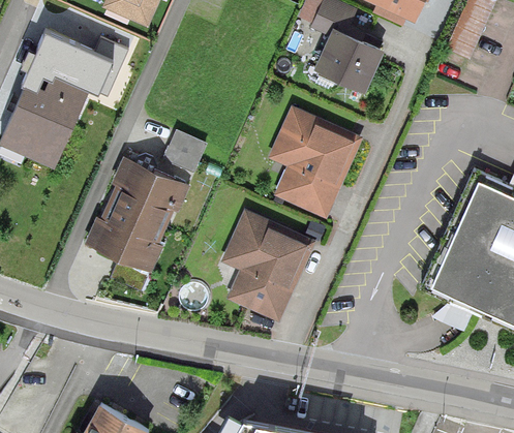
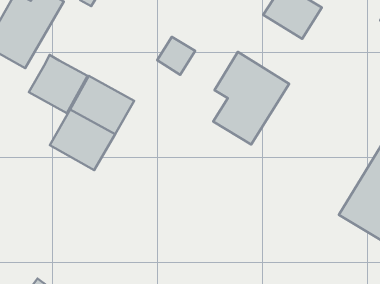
building: [162,132,205,175] -> [157,37,195,75]
building: none -> [29,55,88,113]
building: [223,219,309,319] -> none

